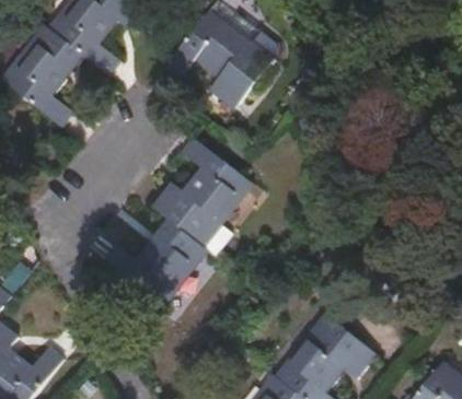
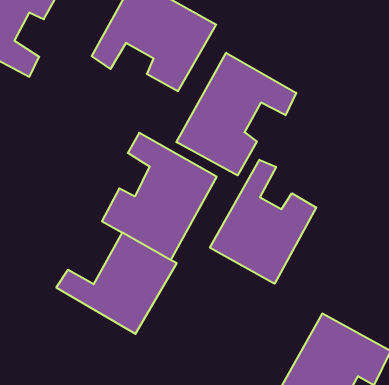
building: none -> [176,53,296,175]
building: none -> [210,160,316,284]

